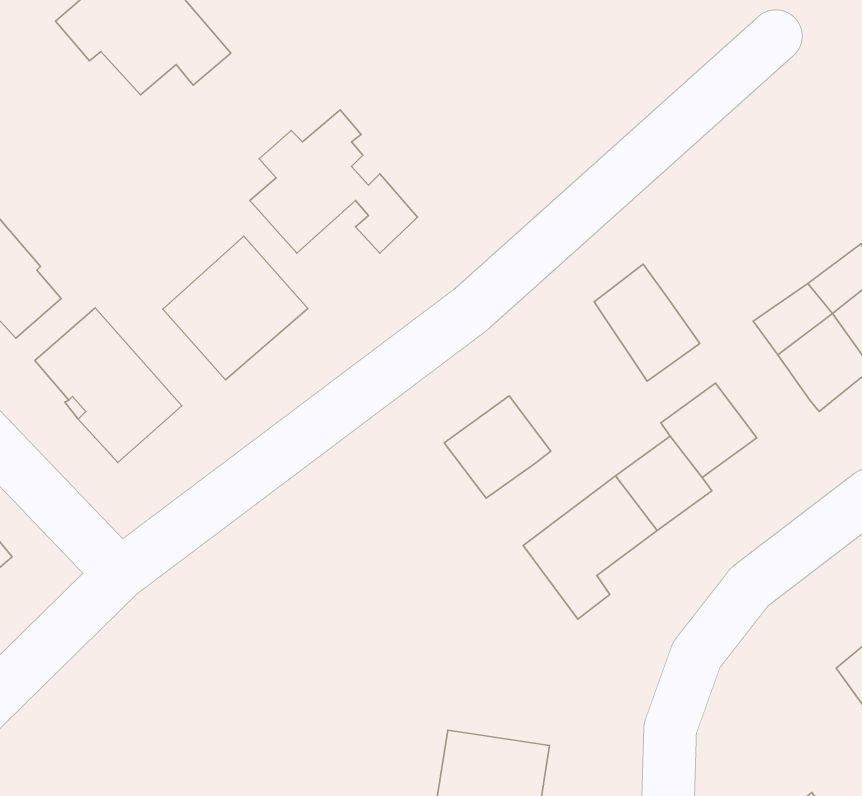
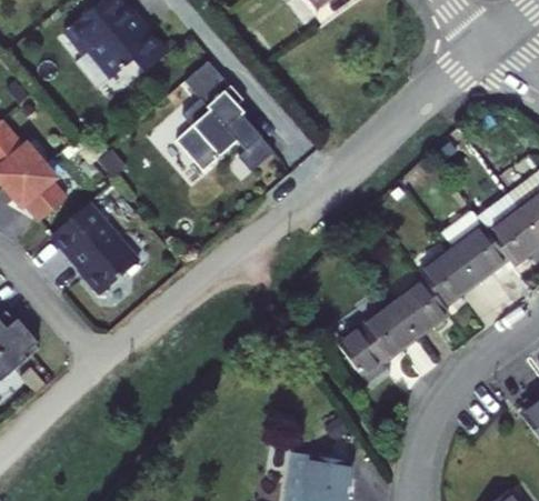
building: none -> [187,61,231,106]
building: [163,236,308,380] -> none
building: [594,264,700,381] -> [446,211,508,280]
building: [444,396,551,498] -> none

